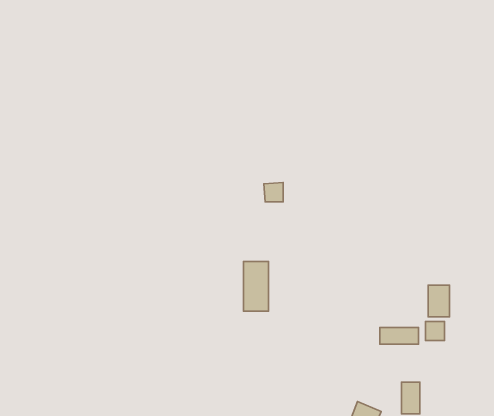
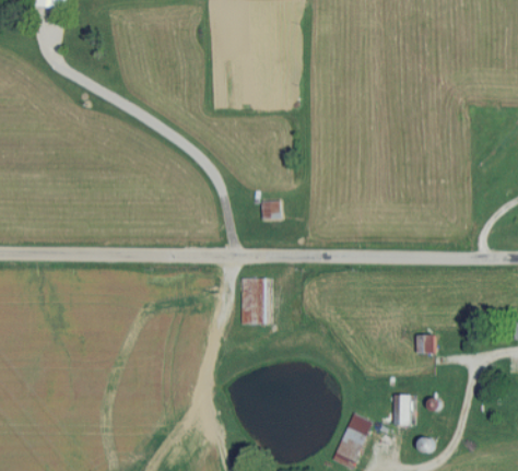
building: [428,285,449,317] -> none
building: [380,327,418,344] -> none

